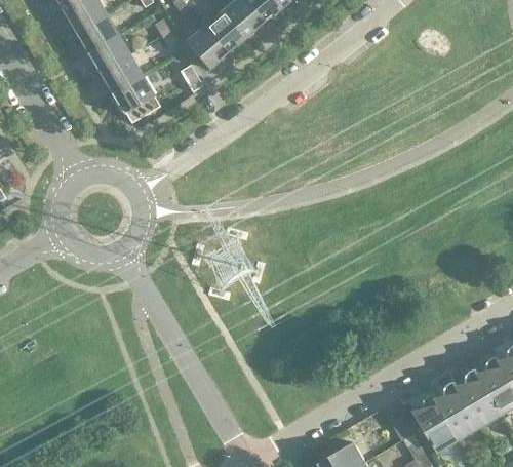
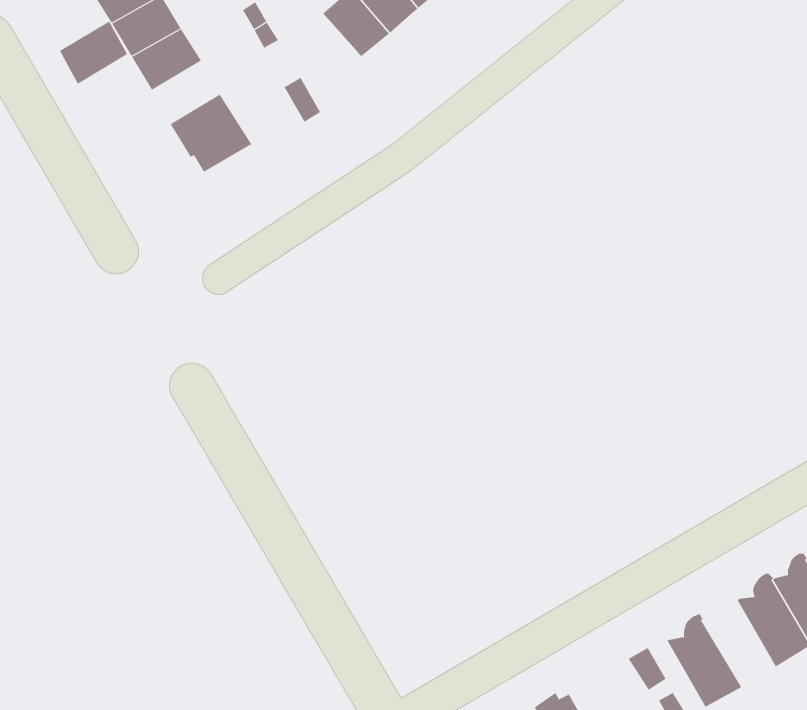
building: [186,26,228,69] -> none
building: [100,54,142,93] -> [59,21,128,84]
building: [436,381,481,438] -> none

